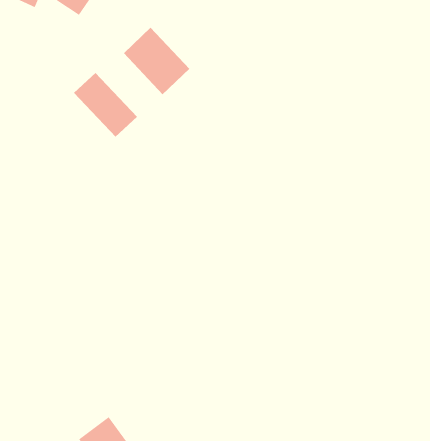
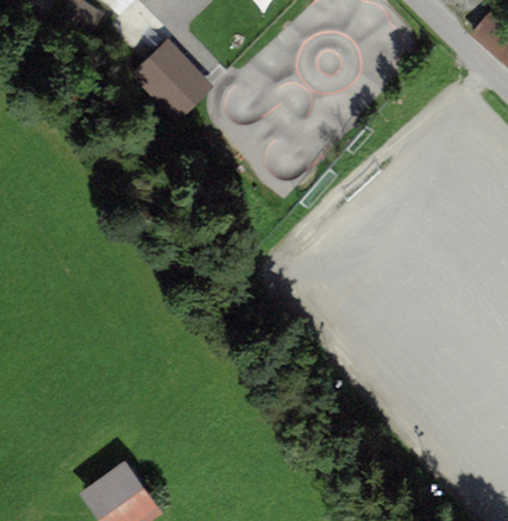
building: [73,72,138,138] -> none

